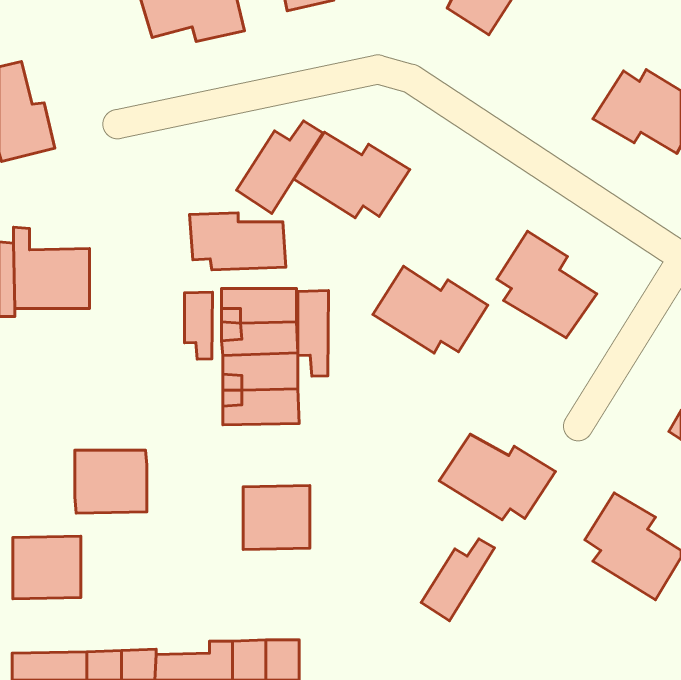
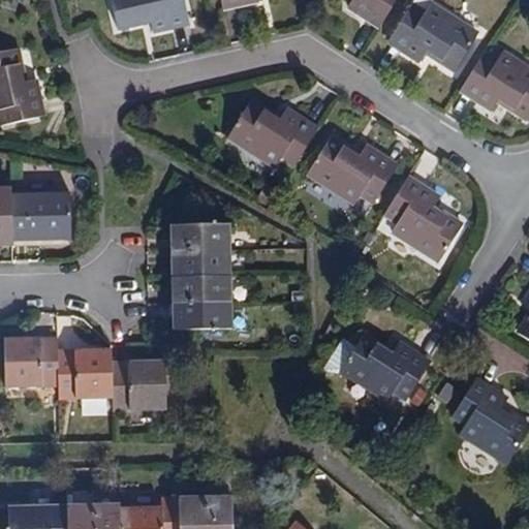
building: none -> [387,4,476,71]
building: [237,121,323,214] -> none
building: [189,213,286,270] -> none
building: [373,266,488,353] -> [306,137,395,205]
building: [298,291,329,376] -> none
building: [184,292,212,359] -> none
building: [243,485,310,550] -> [114,359,165,408]
building: [13,536,81,599] -> [5,337,58,385]
building: [421,539,495,621] -> none

